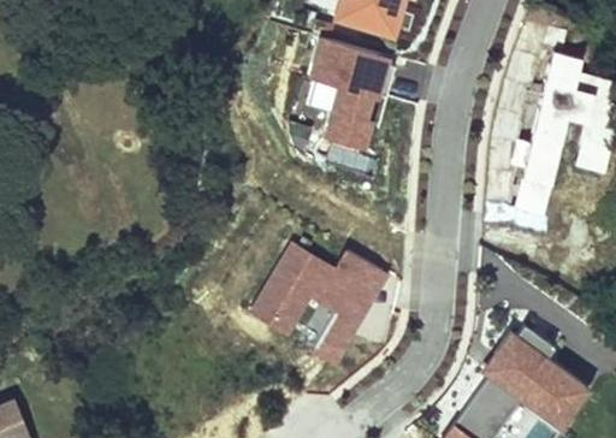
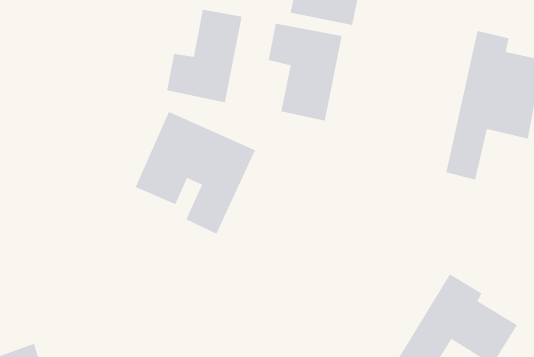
building: none -> [166,9,242,103]
building: [247,231,385,372] -> [135,111,256,234]

